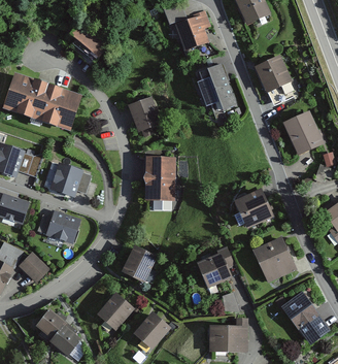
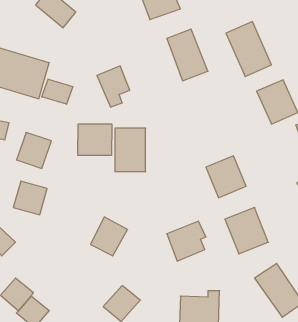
building: none -> [42,79,73,104]
building: none -> [78,124,112,155]
building: [97,293,134,329] -> none

